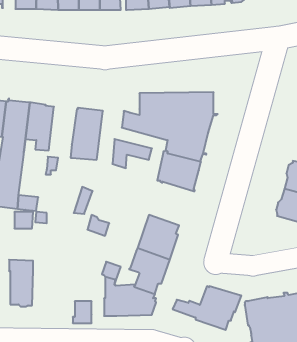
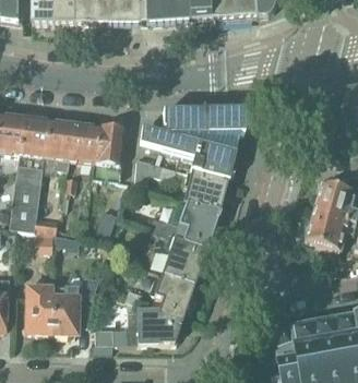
building: none -> [68,122,96,161]
building: none -> [49,284,75,333]
building: [173,286,241,330] -> [147,201,219,247]

